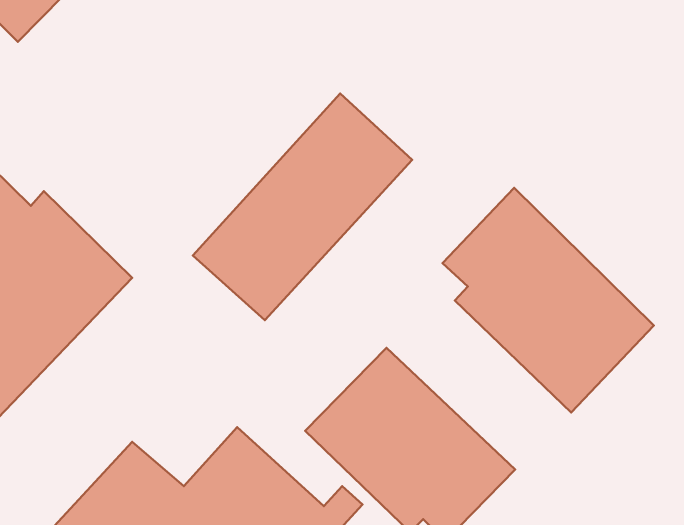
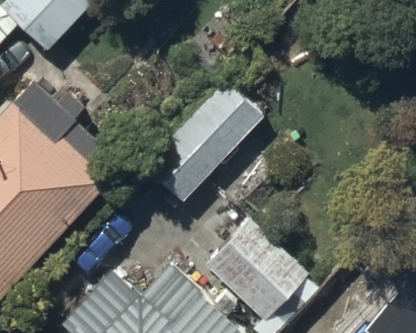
building: [443,188,654,413] -> none

